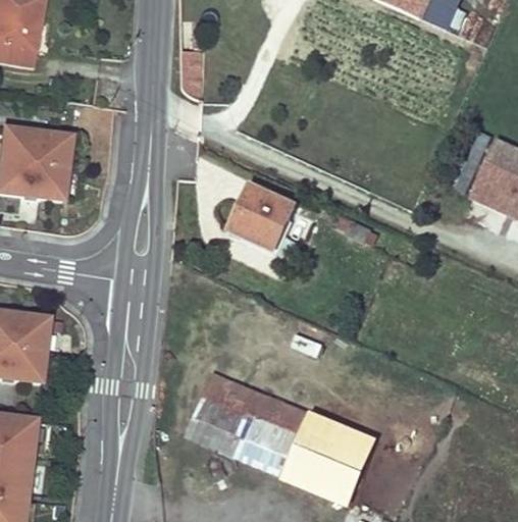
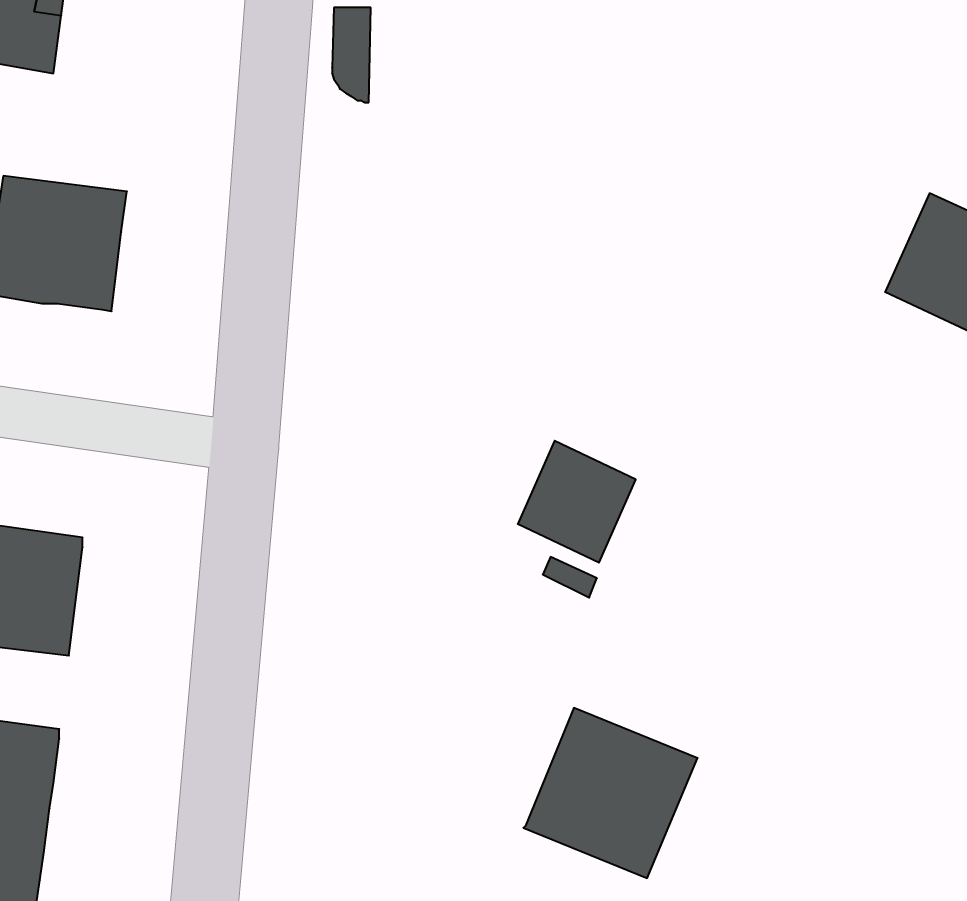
building: [232,182,295,247] -> [518,441,636,563]
building: [189,371,309,472] -> none

